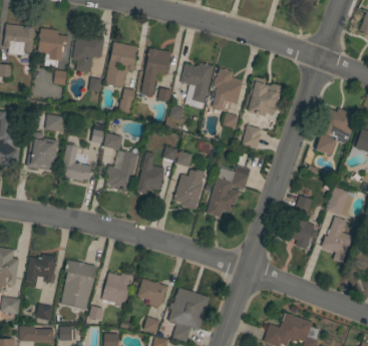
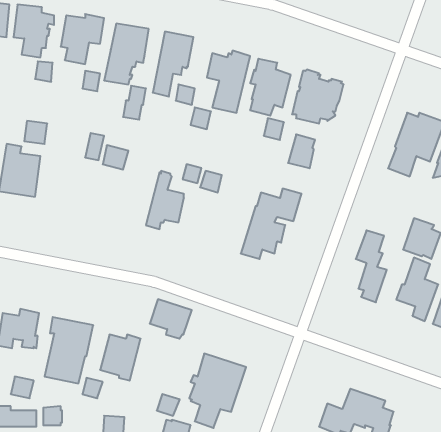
building: [60,144,91,182] -> none
building: [105,150,137,190] -> none
building: [173,168,205,210] -> none
building: [136,278,167,307] -> [150,299,192,339]

